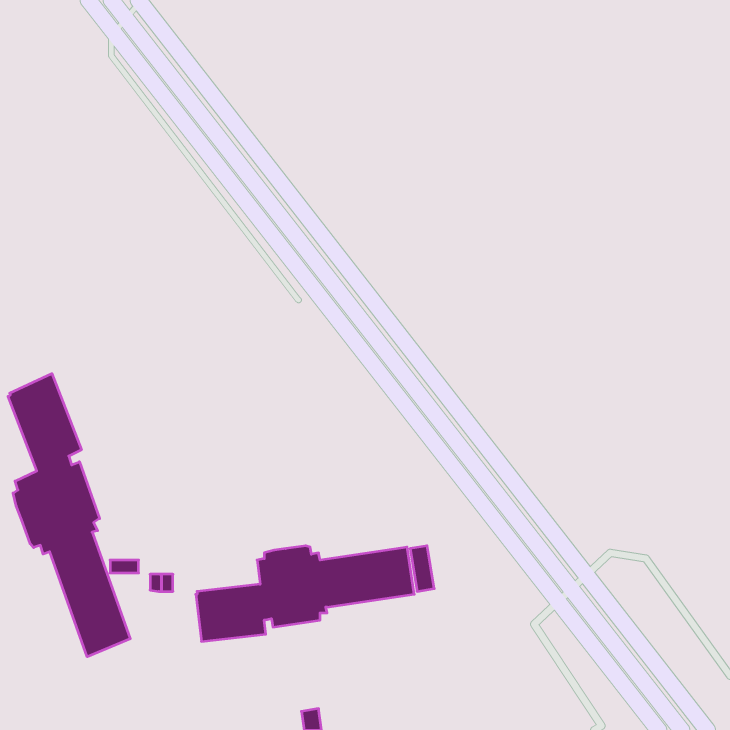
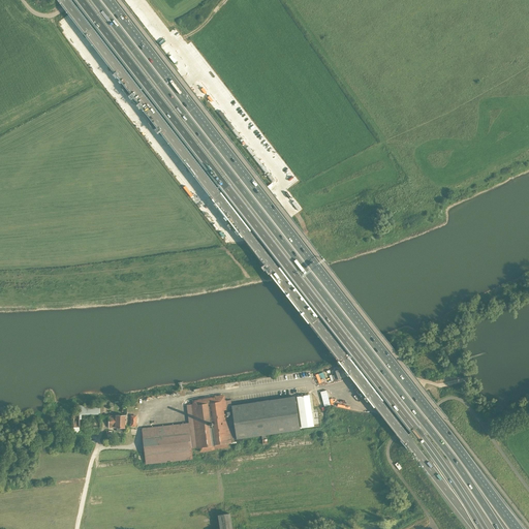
building: [8,374,130,657] -> none

